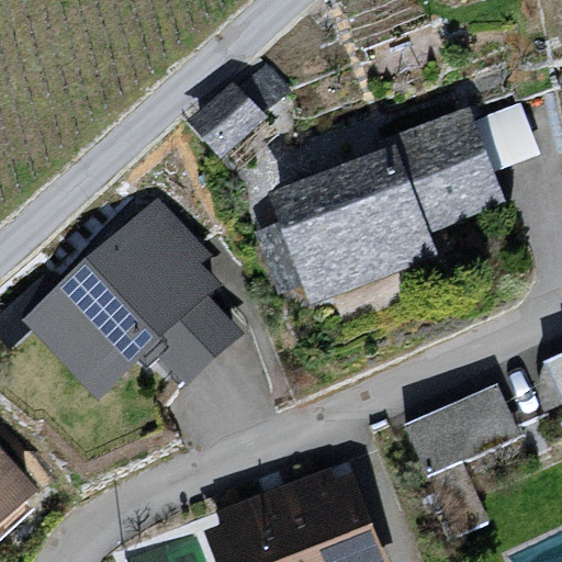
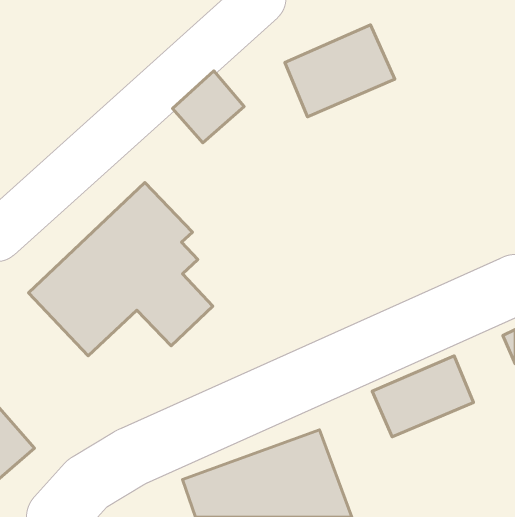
building: none -> [285,25,395,117]
building: [277,116,508,313] -> none

